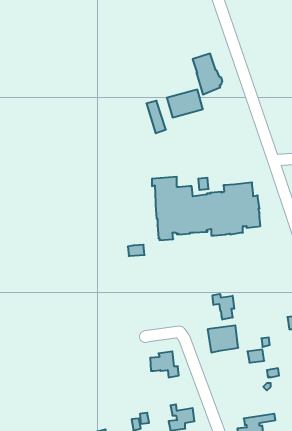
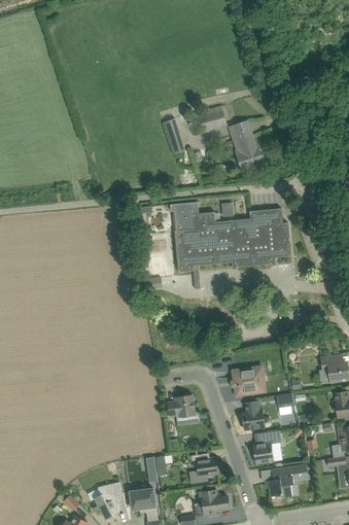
building: [193,54,222,95] -> [231,128,264,173]
building: [213,294,234,320] -> none
building: none -> [242,400,272,429]
building: none -> [252,429,281,462]

